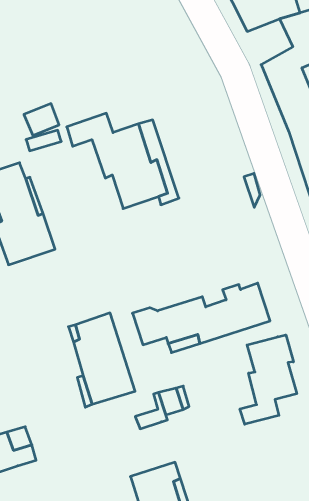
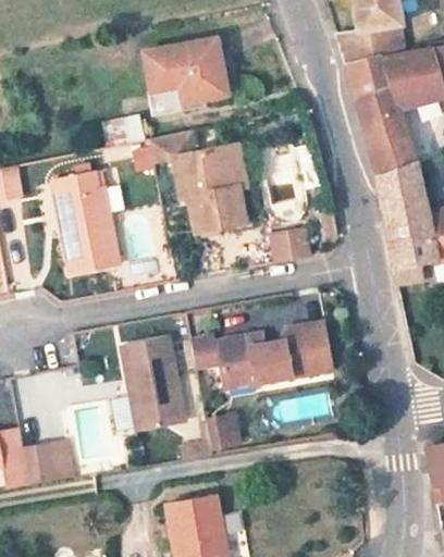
building: none -> [347,57,392,101]
building: none -> [144,39,225,102]
building: none -> [272,230,310,262]
building: [240,335,297,424] -> none

